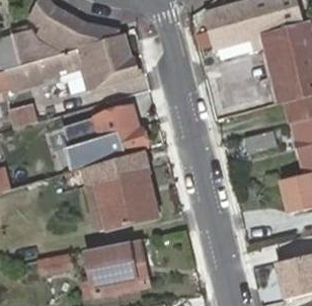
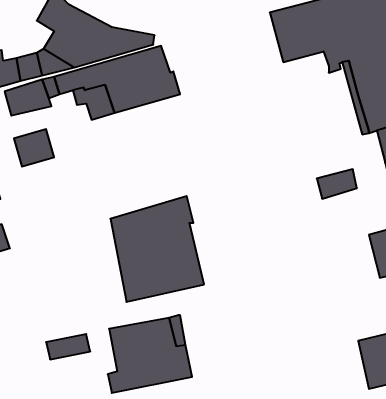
building: [63,103,148,168] -> none

